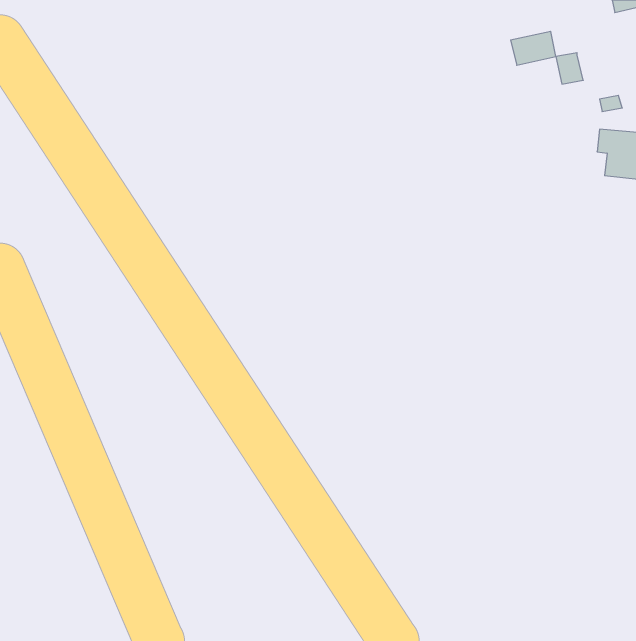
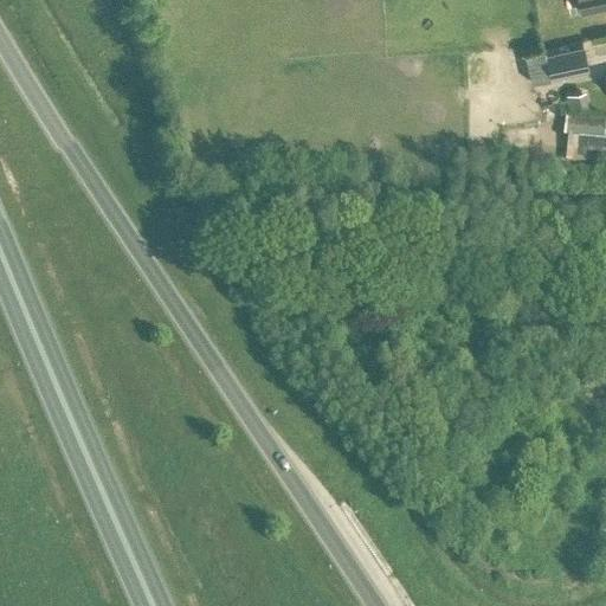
building: [511,31,556,65] -> [549,44,592,76]

